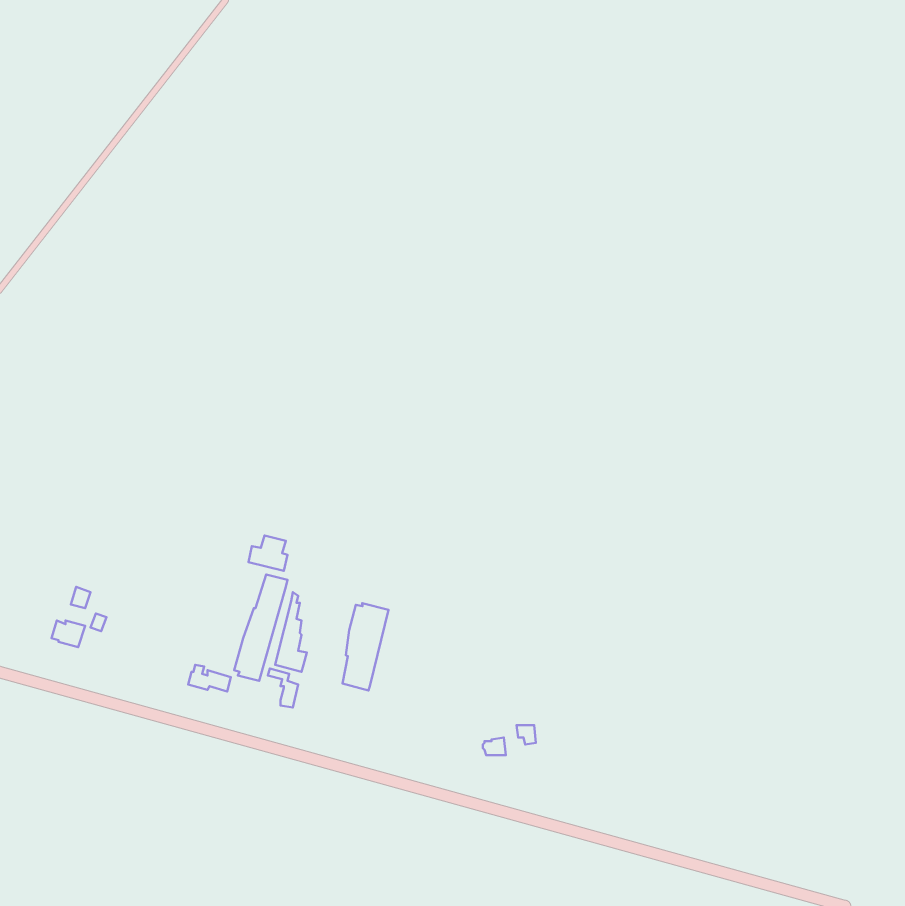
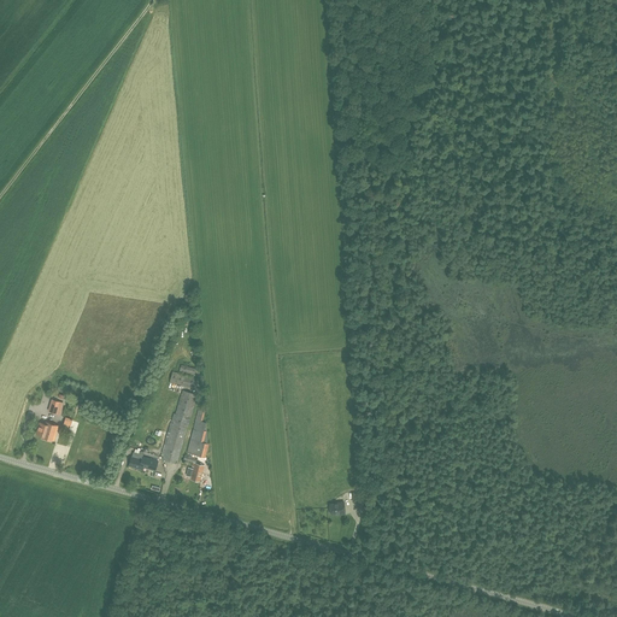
building: [342,603,389,690] -> none

